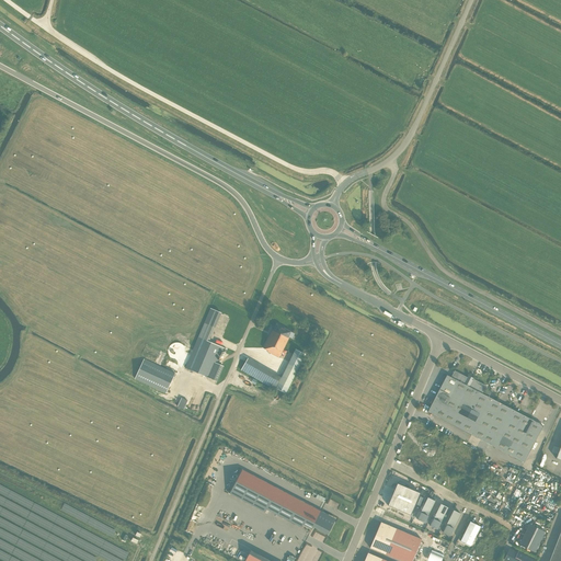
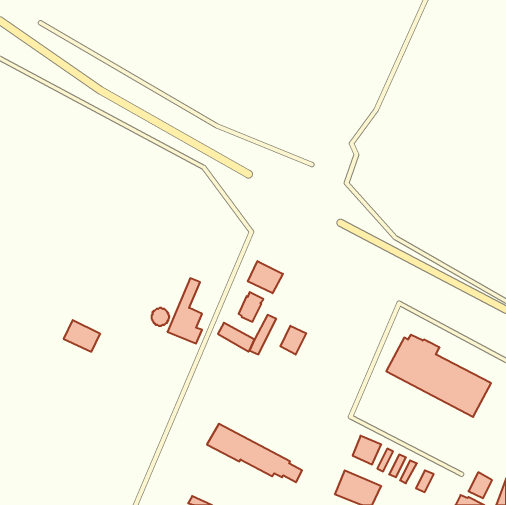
building: none -> [248,261,283,293]
building: [135,357,175,392] -> [64,320,100,352]
building: none -> [280,326,306,355]

